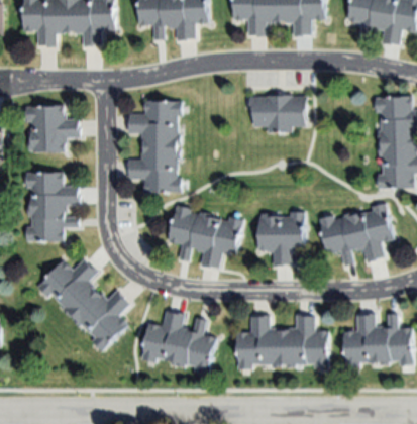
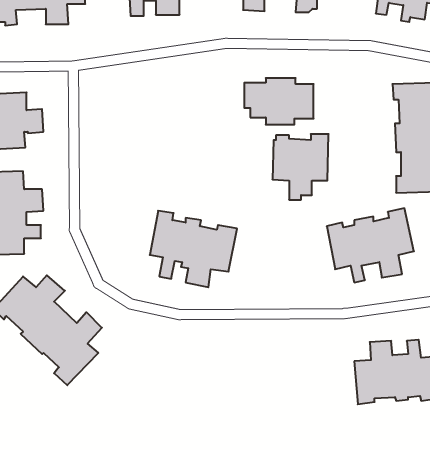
building: [127,99,181,192] -> none
building: [257,211,305,267] -> [272,134,329,200]
building: [139,309,215,374] -> none
building: [236,312,327,368] -> none

